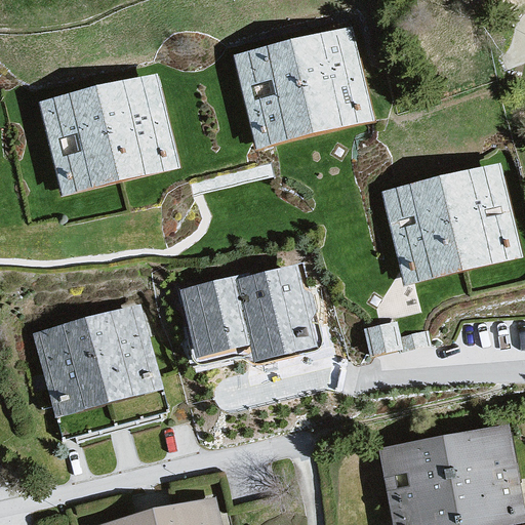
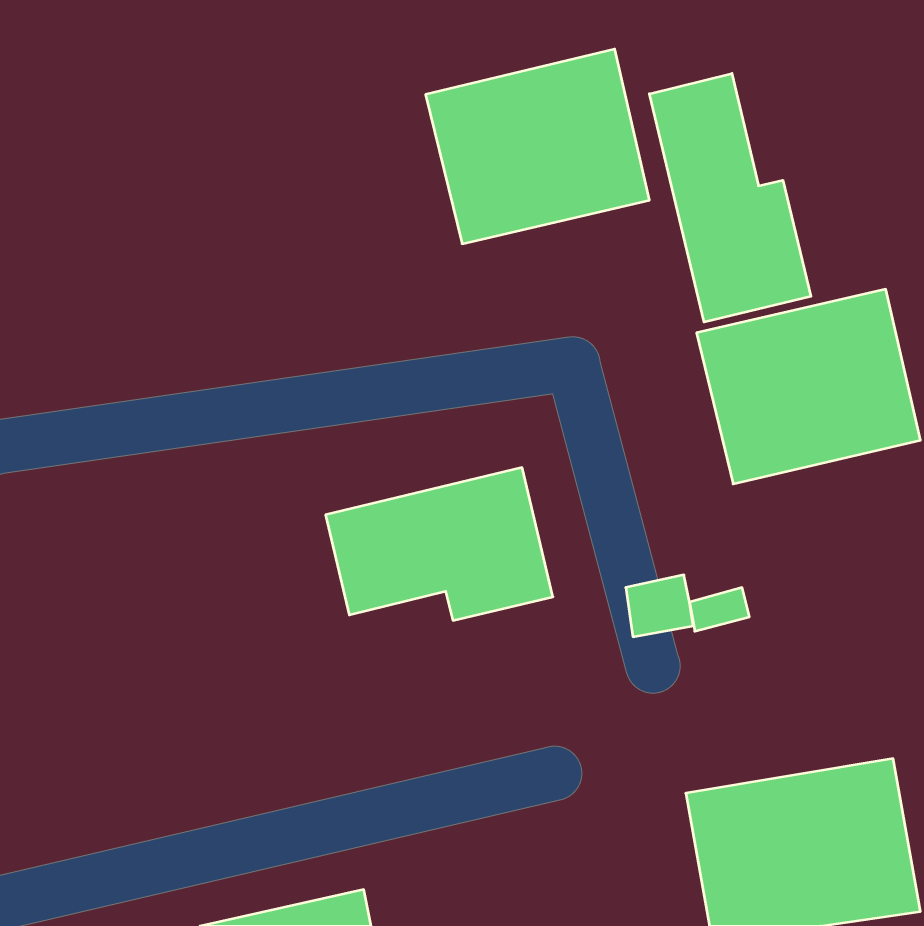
building: none -> [649,73,811,322]
building: [52,77,178,187] -> none
building: [31,307,157,416] -> none

